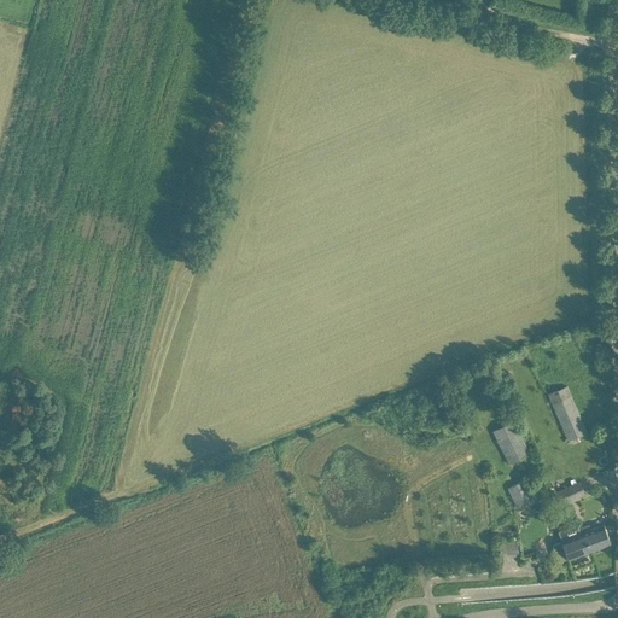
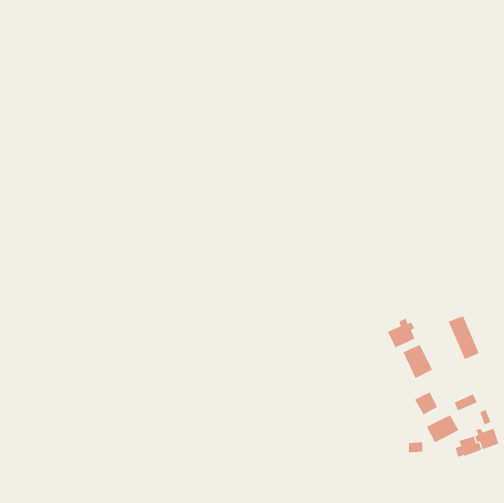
building: none -> [387,318,415,348]
building: none -> [426,414,459,443]

